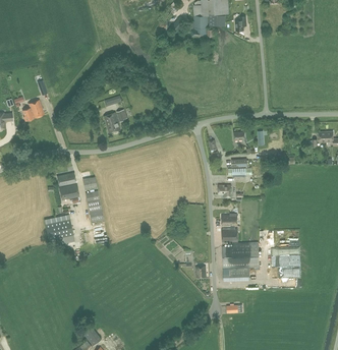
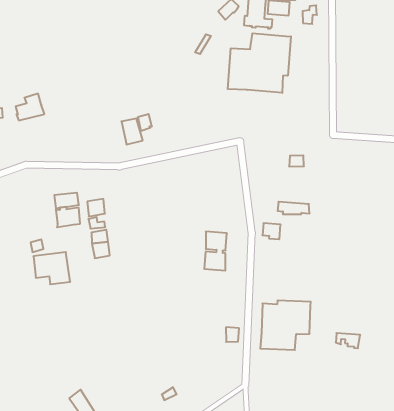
building: none -> [228,33,291,93]
building: [221,213,238,241] -> [204,232,227,271]

